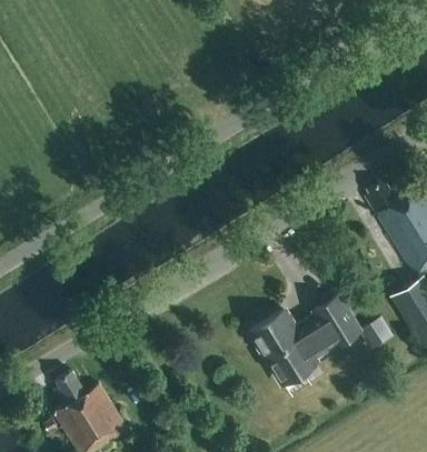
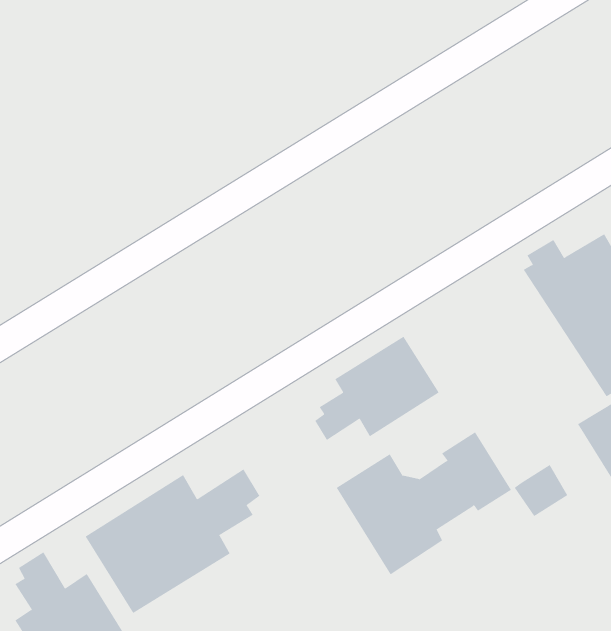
building: none -> [314,336,439,441]
building: none -> [85,469,260,614]

